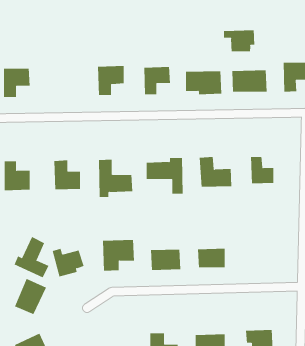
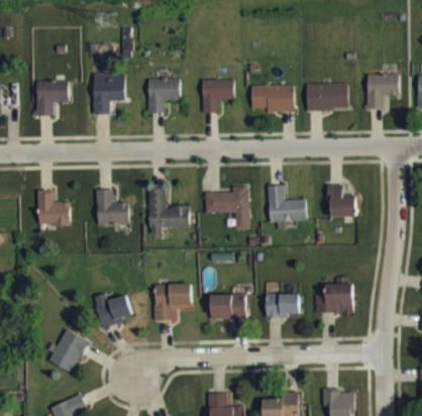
building: [223,30,255,52] -> none
building: none -> [93,73,124,114]
building: [14,236,49,278] -> none
building: none -> [315,284,353,313]

